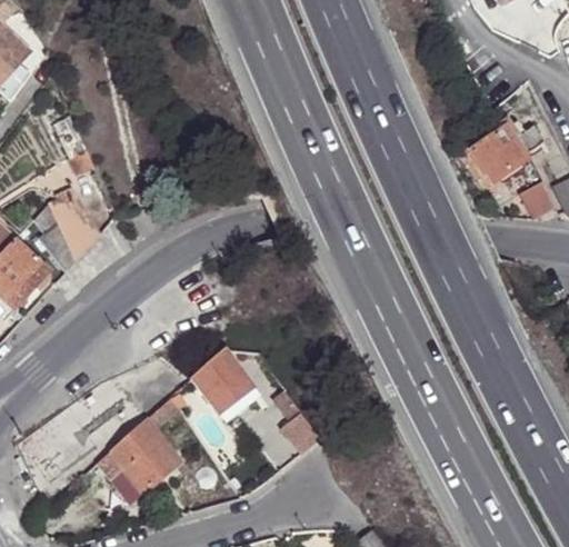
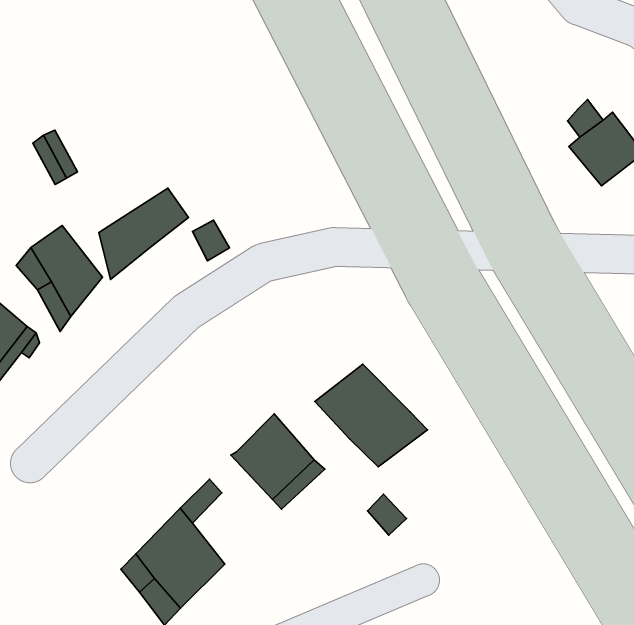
building: none -> [99,188,188,280]
building: none -> [315,364,428,467]

